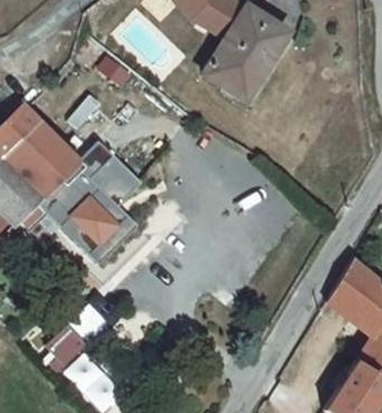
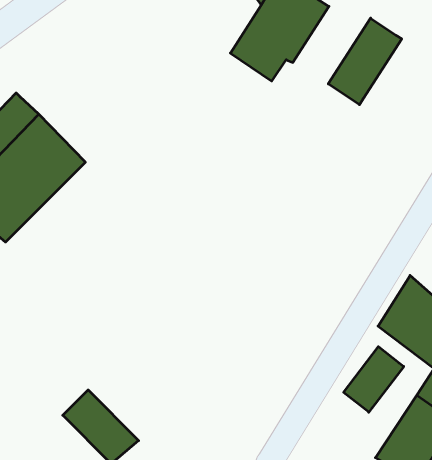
building: none -> [328,18,402,105]
building: [41,145,142,261] -> none
building: none -> [344,347,404,412]

